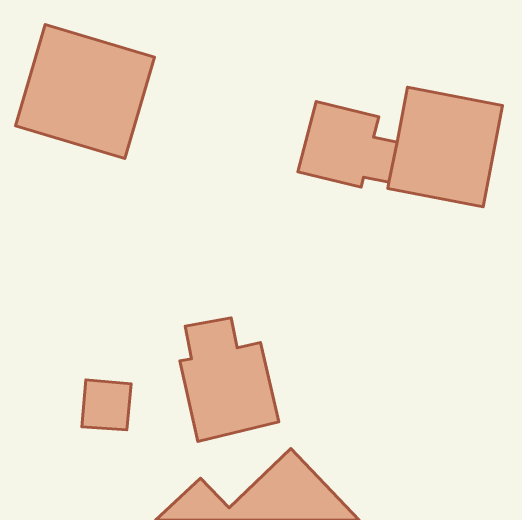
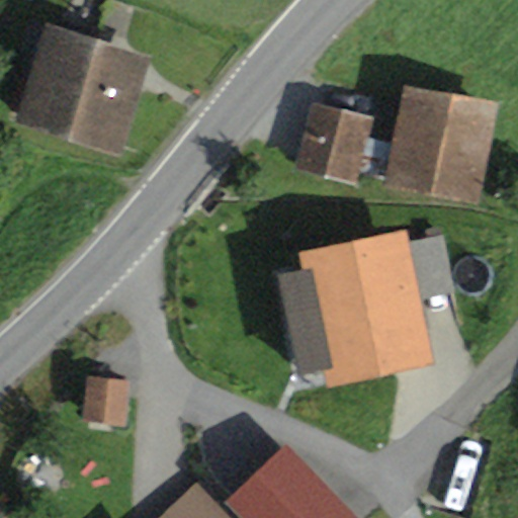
building: none -> [276,230,435,390]
building: [180,318,279,442] -> none

